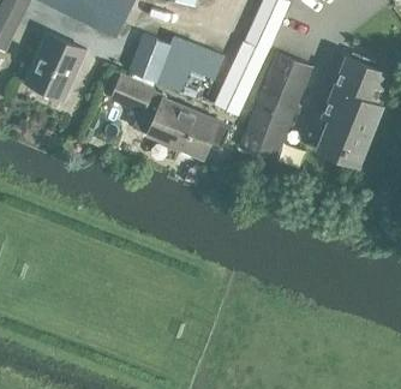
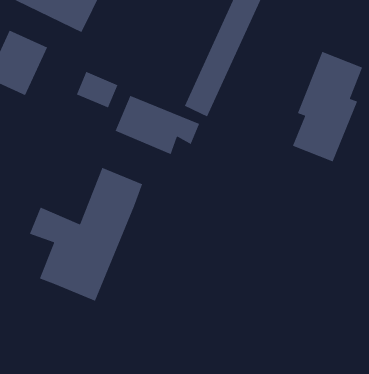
building: [127,34,223,95] -> none
building: [239,53,311,163] -> none
building: none -> [29,167,143,302]

